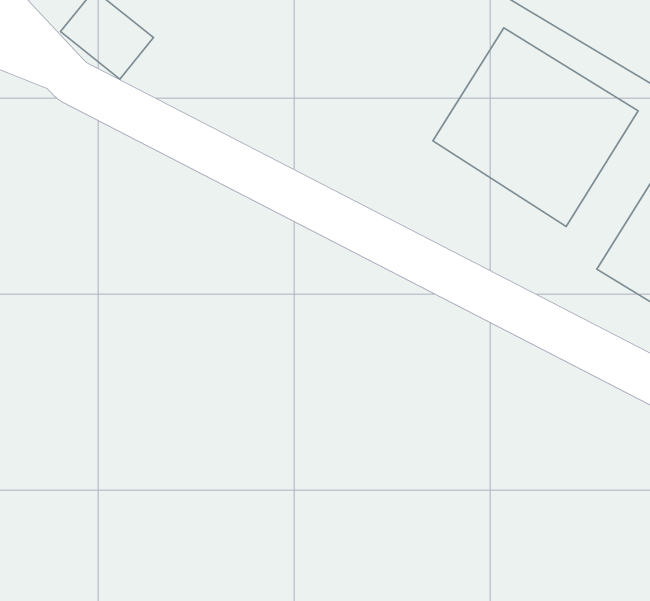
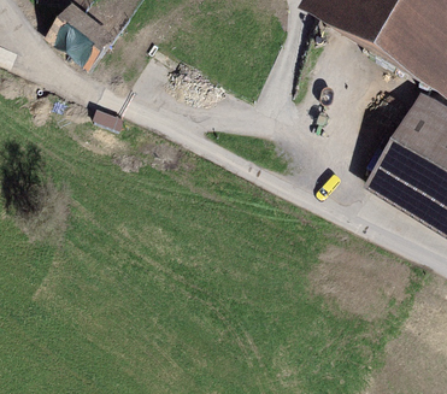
building: [433,28,638,226] -> none

